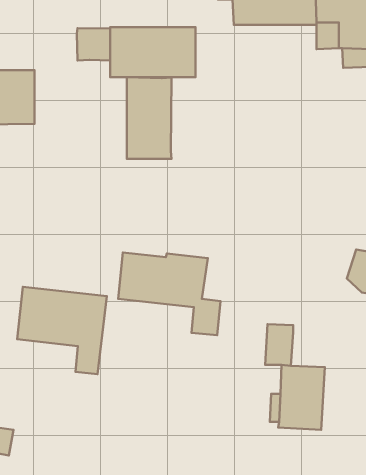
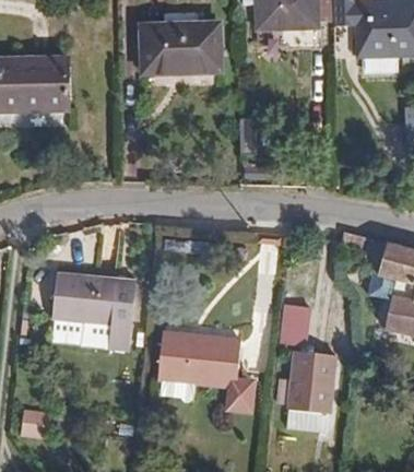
building: [77,28,110,61] -> none
building: [127,77,172,159] -> none
building: [118,252,221,335] -> [166,331,262,409]

